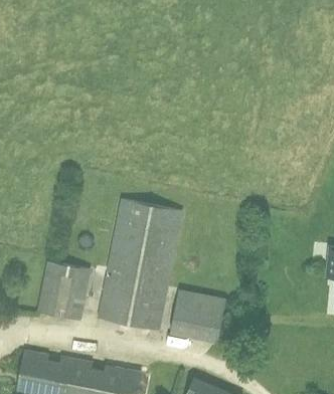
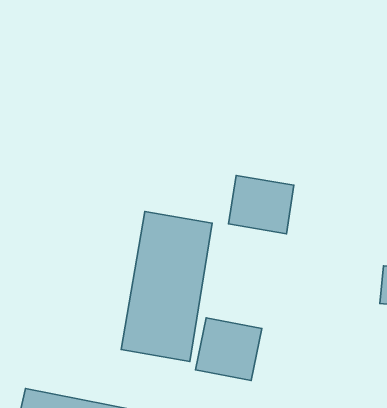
building: none -> [229,175,294,234]
building: [40,258,90,321] -> none

